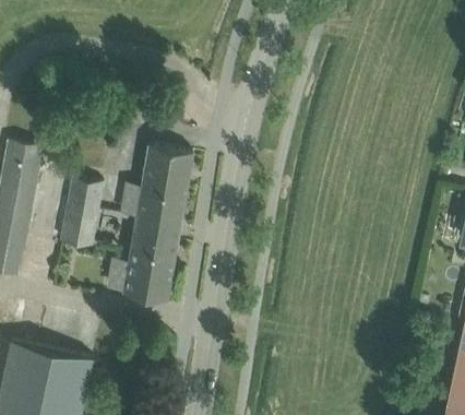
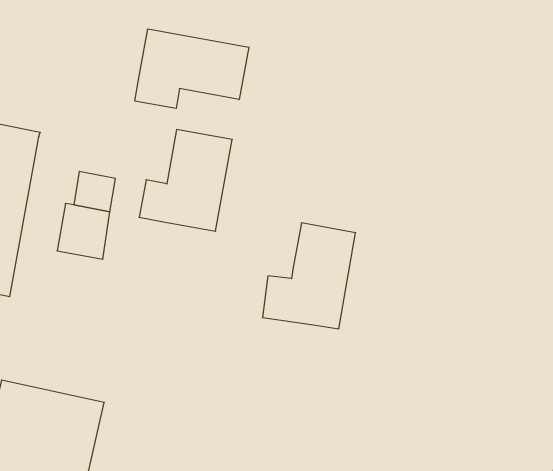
building: none -> [135,29,249,108]
building: [107,218,180,301] -> [262,223,356,329]

